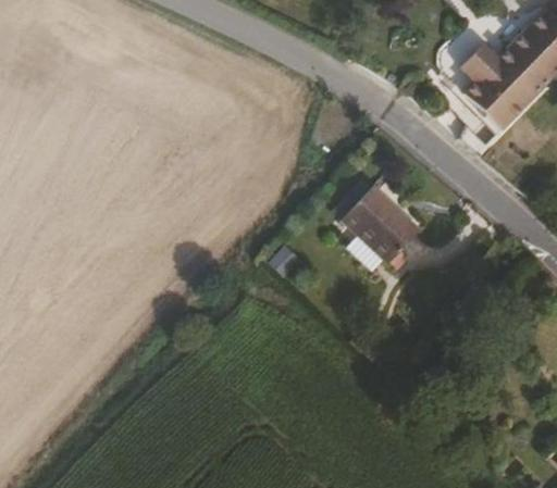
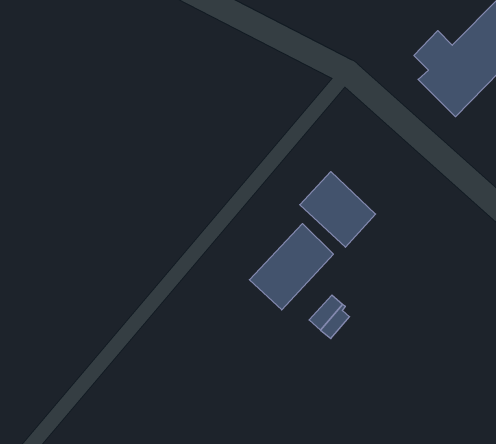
building: none -> [249,224,333,310]

